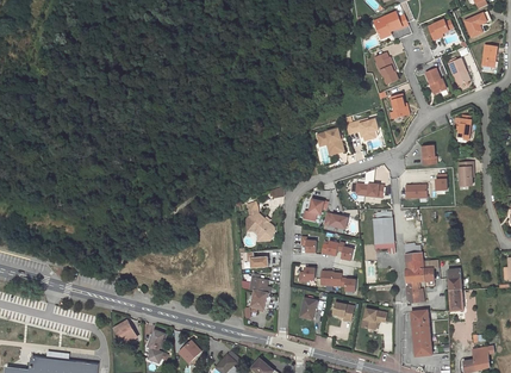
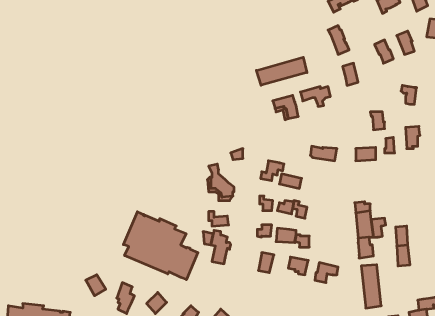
building: none -> [256,57,307,85]
building: [373,217,394,248] -> none
building: none -> [123,212,198,280]

